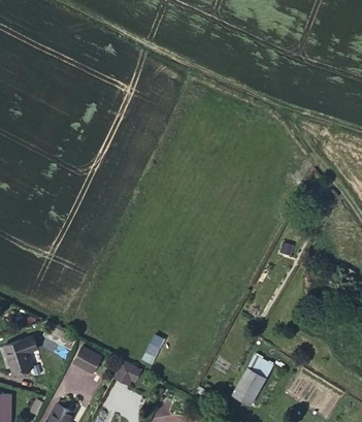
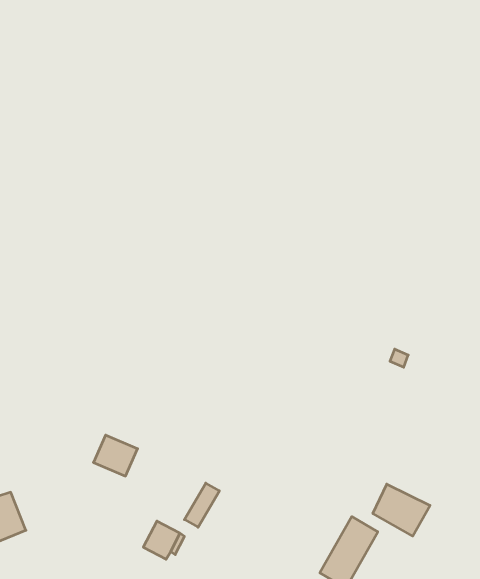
building: none -> [373,484,430,536]
building: [73,346,103,374] -> [93,435,138,476]

